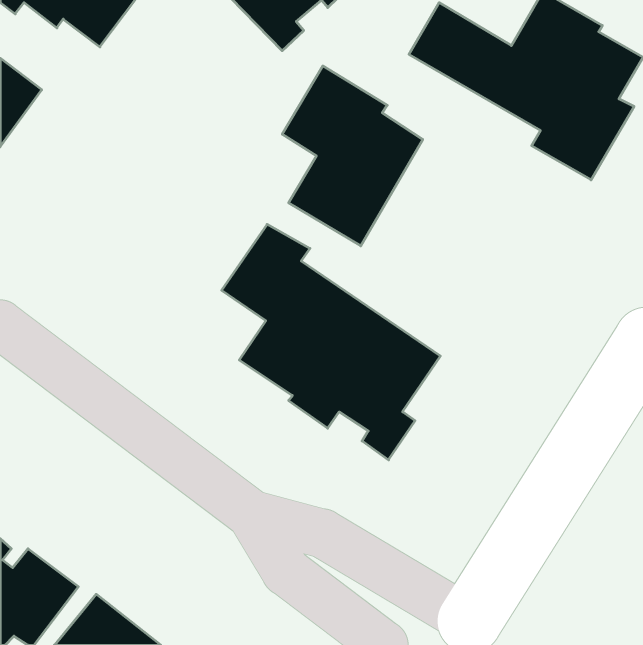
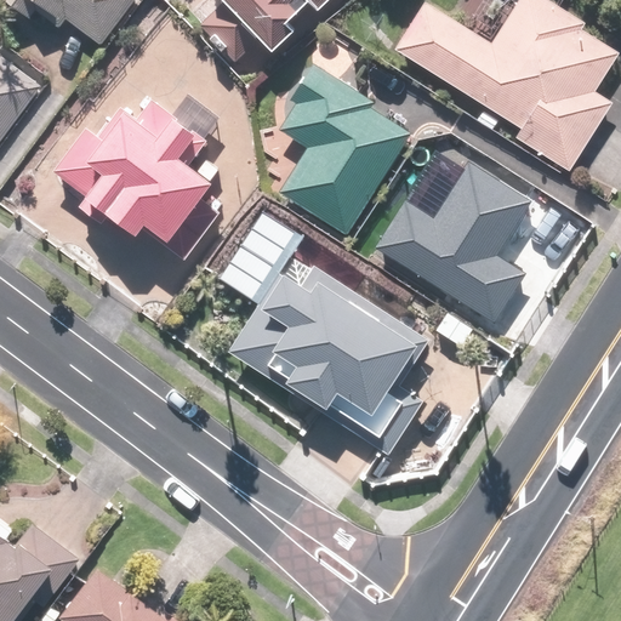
building: none -> [50,92,217,244]
building: none -> [371,154,532,327]

